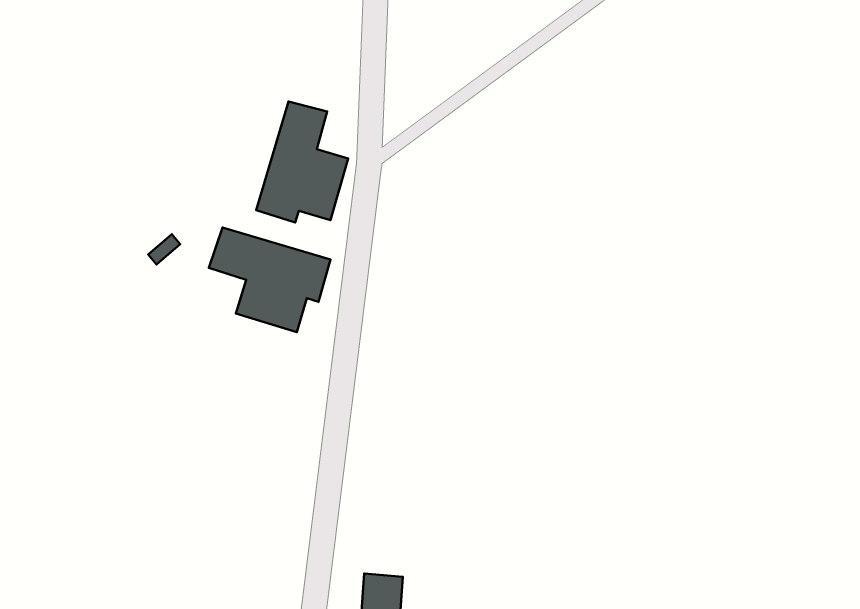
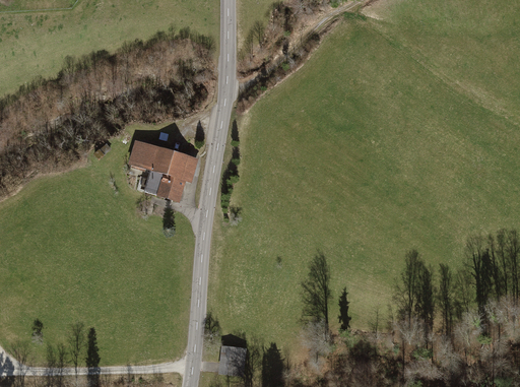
building: [256,101,348,223] -> none

